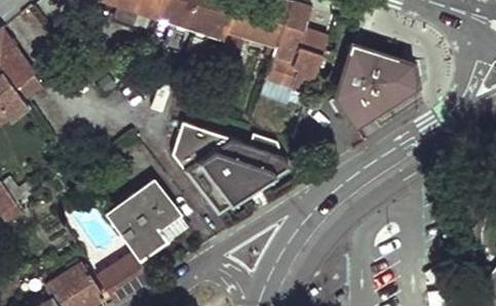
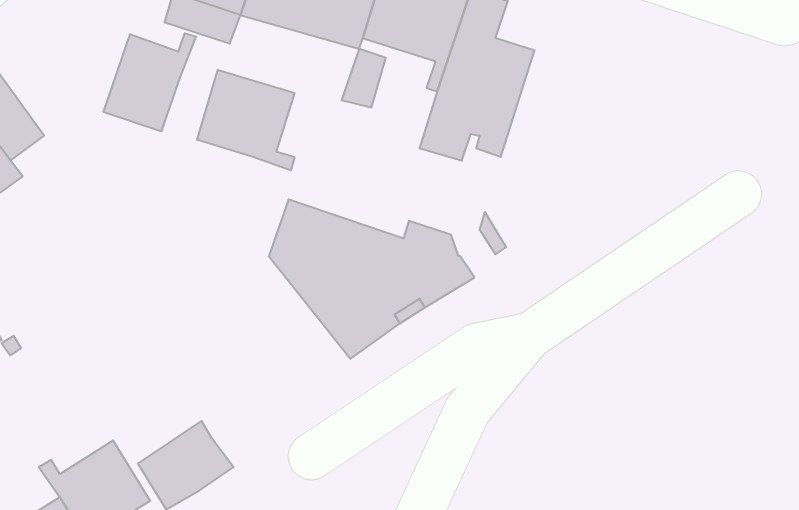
building: none -> [104,33,196,131]
building: [333,44,416,127] -> none
building: none -> [197,70,295,170]
building: [107,181,188,262] -> none

